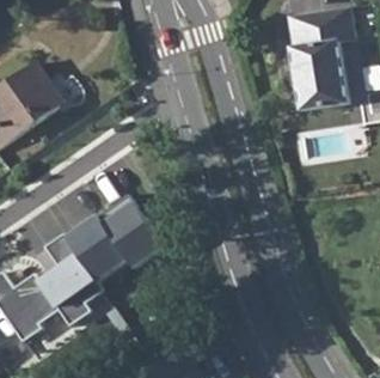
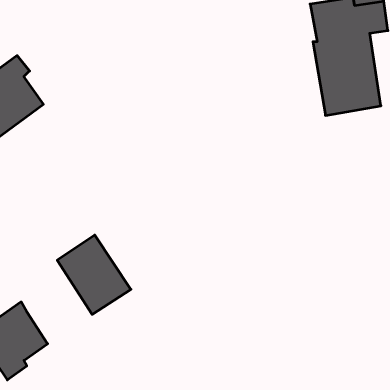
building: [102,195,166,267] -> none
building: [43,231,105,324] -> none

